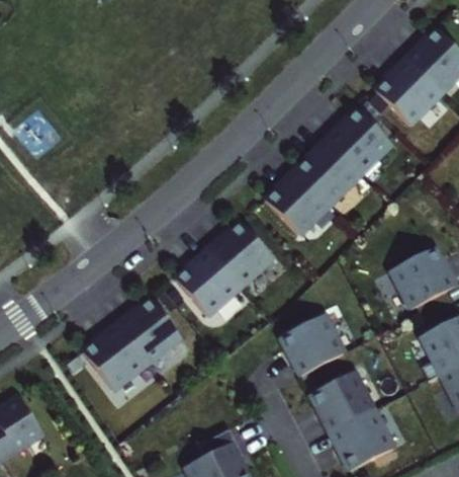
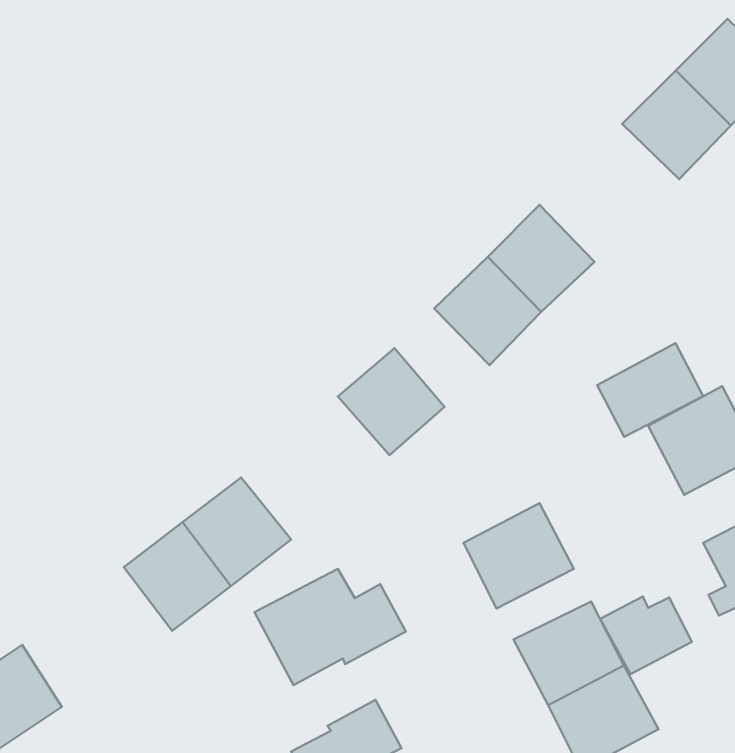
building: [328,110,391,173] -> none
building: none -> [597,343,703,437]
building: [176,252,240,316] -> none
building: none -> [254,569,406,685]
building: none -> [600,596,692,674]

